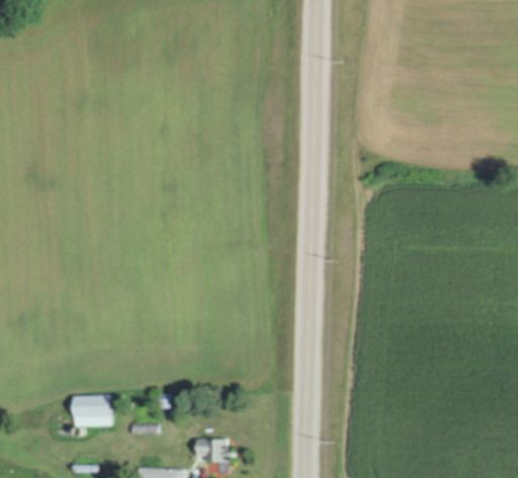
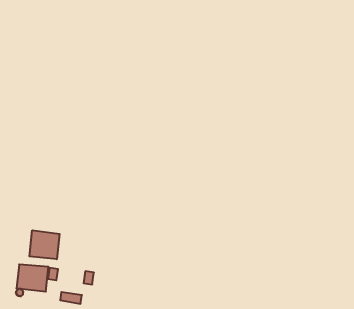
building: none -> [29,230,60,259]

